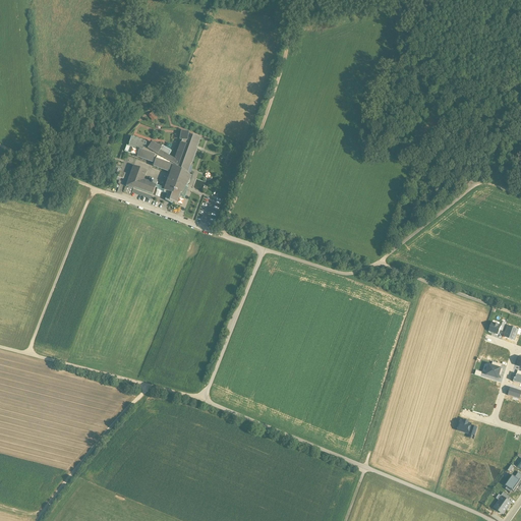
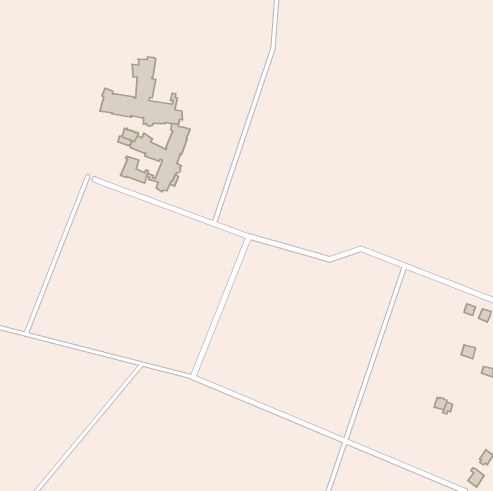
building: none -> [100,57,182,126]

